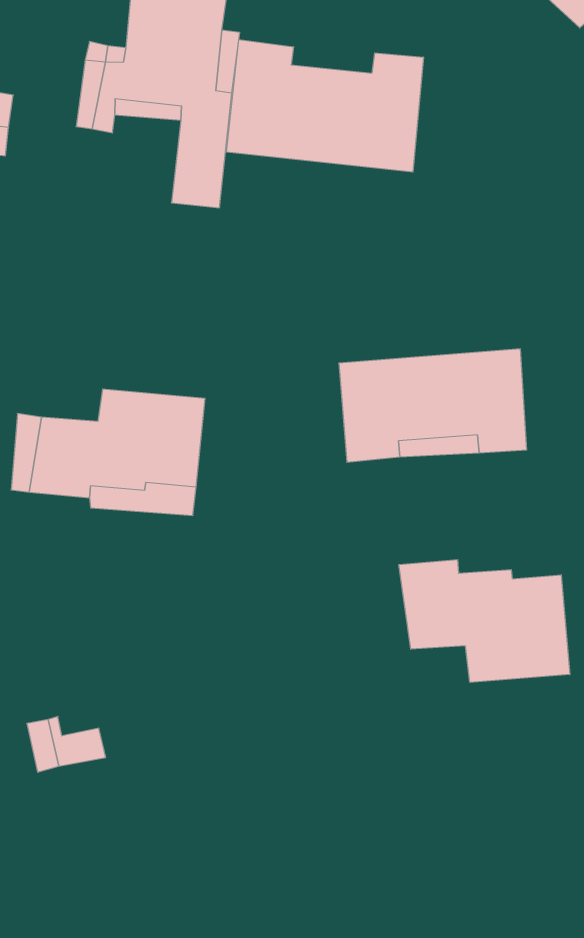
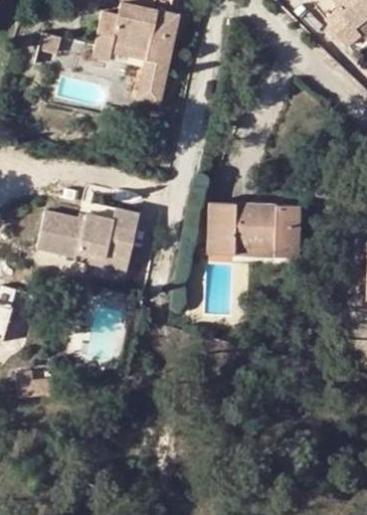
building: [227,40,423,172] -> none
building: [399,560,570,682] -> none

